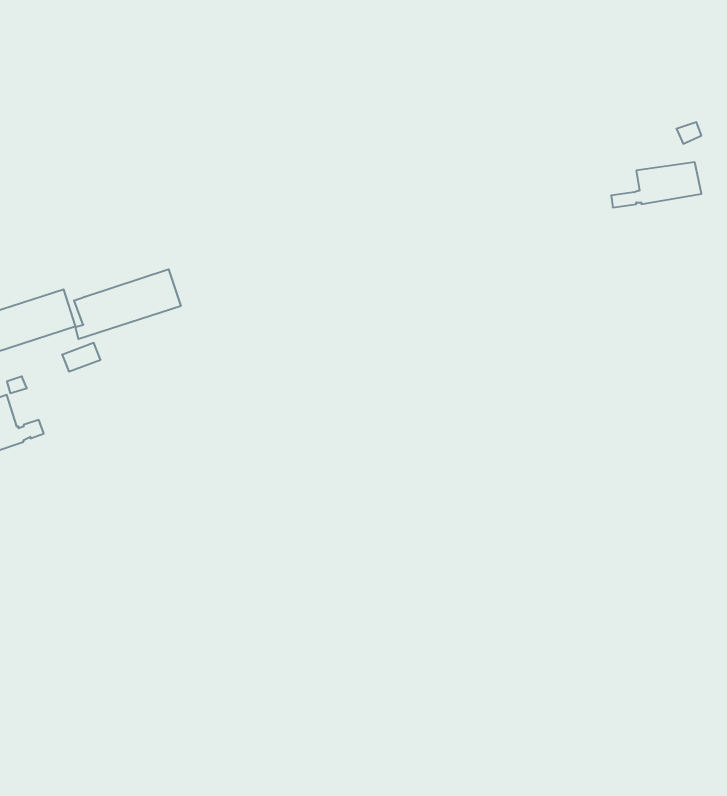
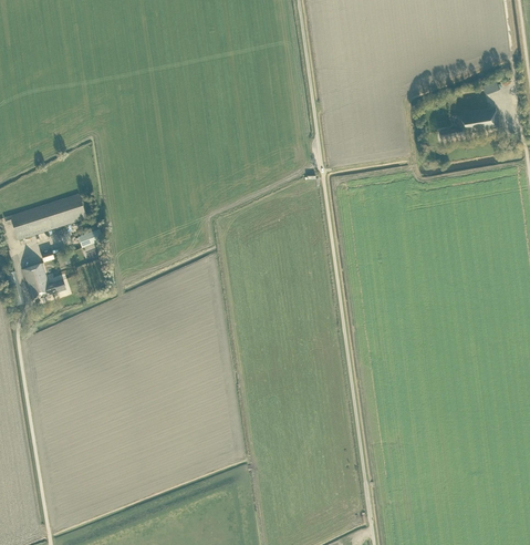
building: [74,269,181,339] -> none

